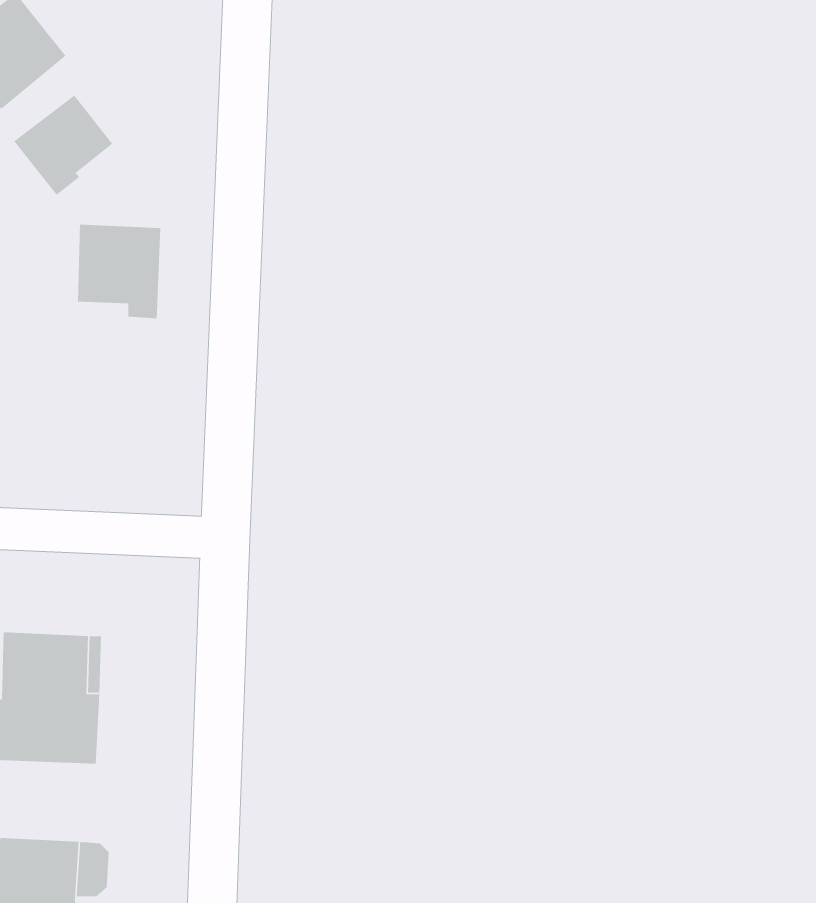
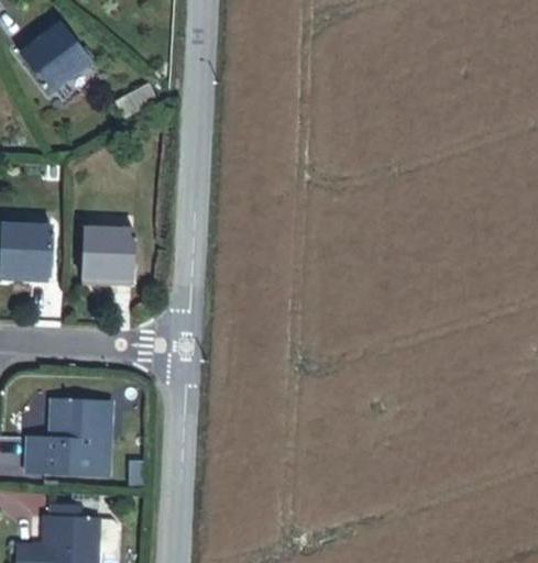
building: [13,95,113,196] -> none
building: [77,224,161,319] -> [84,229,133,285]

